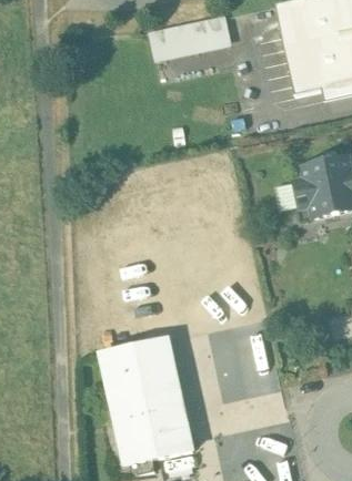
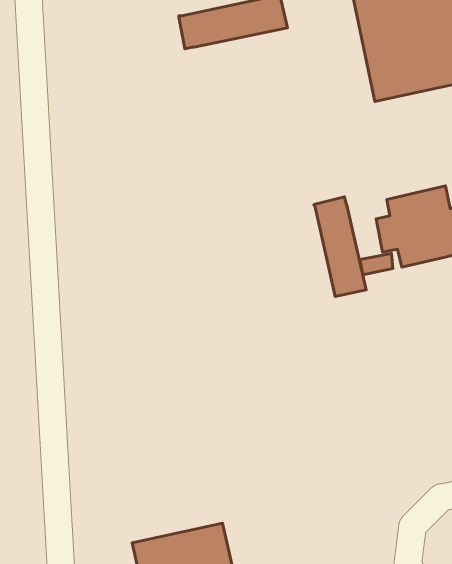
building: none -> [314,197,366,296]
building: [101,339,182,420] -> none

